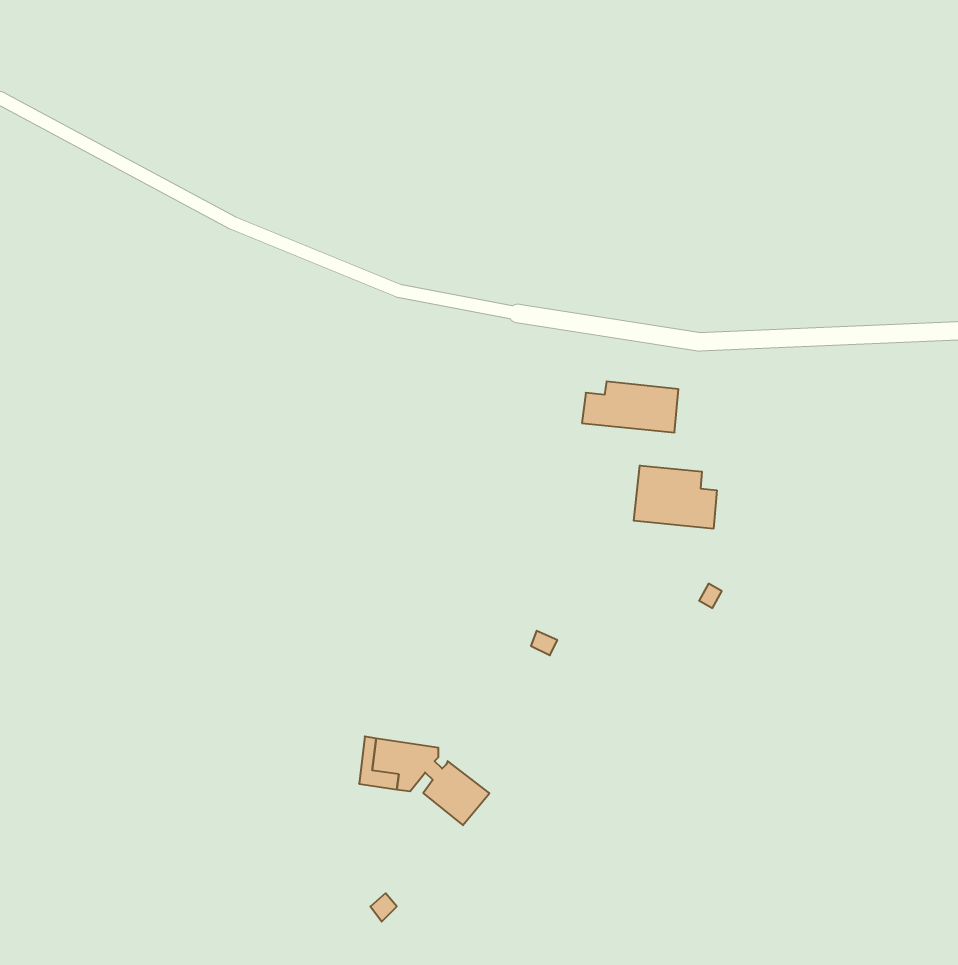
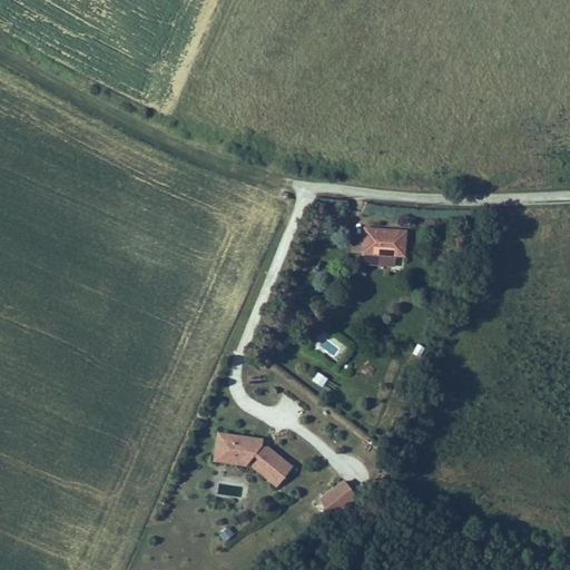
building: [634,465,717,529] -> none
building: none -> [322,480,362,519]

